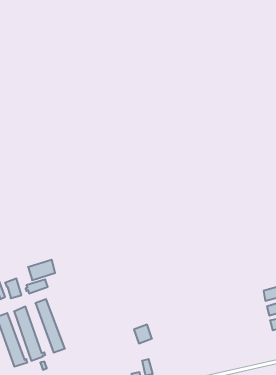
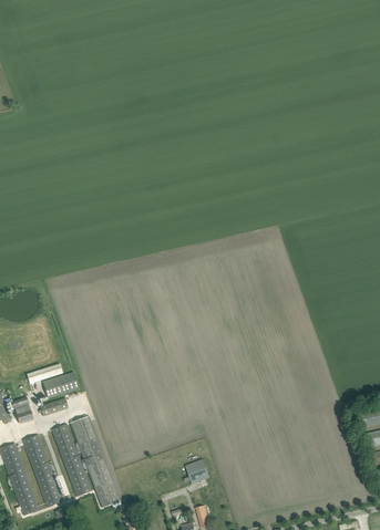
building: none -> [69,414,121,507]

